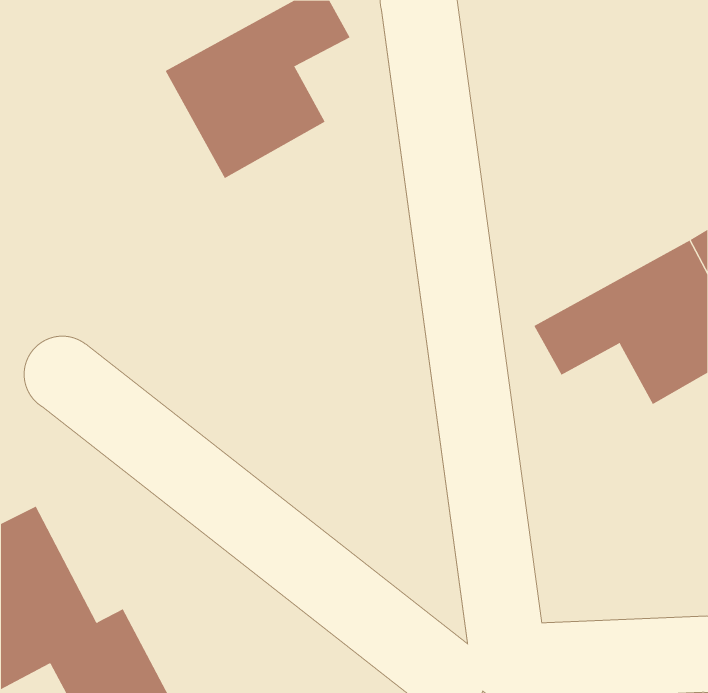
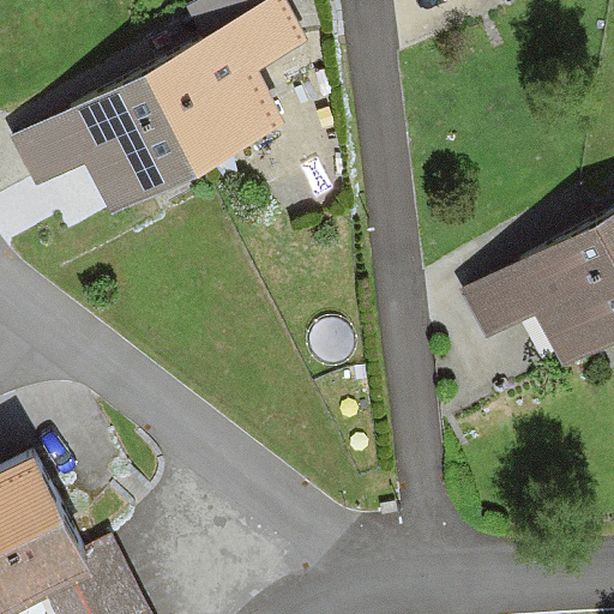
building: none -> [13,74,194,211]

